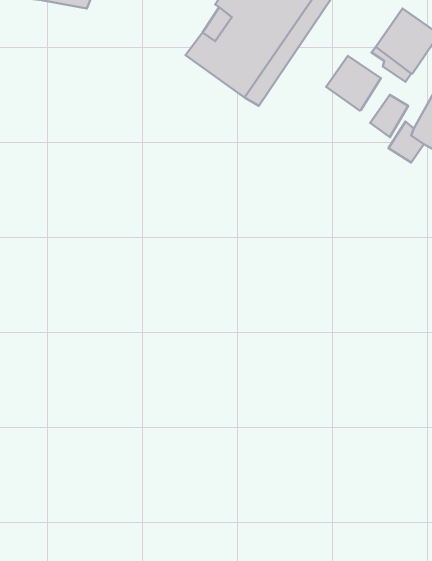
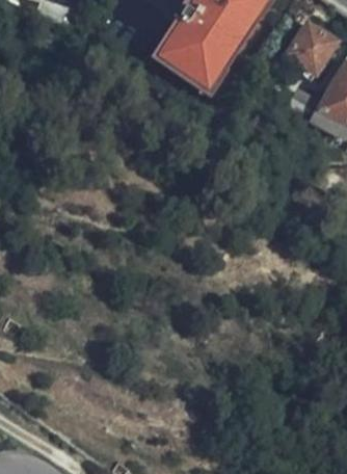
building: [326,56,381,111] -> none

